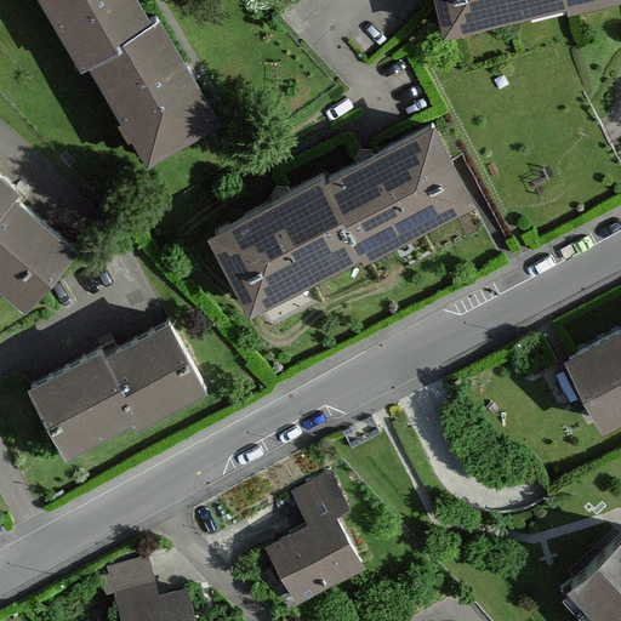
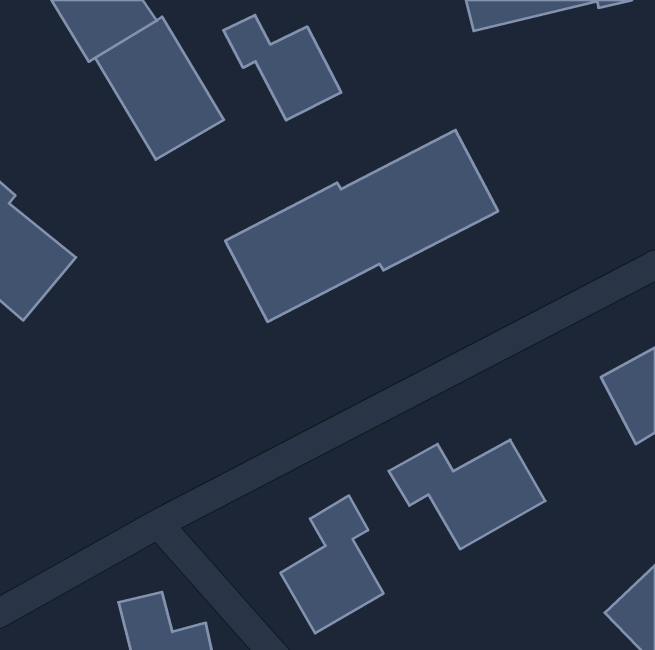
building: none -> [223,15,341,120]
building: [28,324,204,462] -> none
building: none -> [389,440,545,549]

